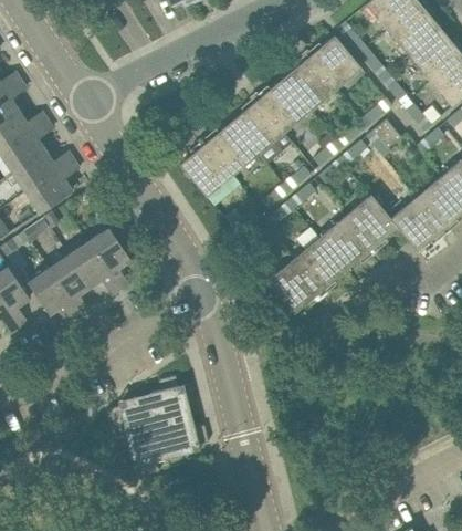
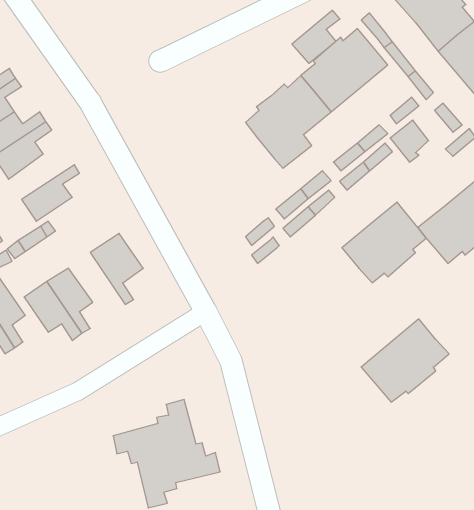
building: none -> [292,10,340,63]
building: [179,122,258,197] -> none
building: [13,150,74,192] -> none
building: [266,237,347,313] -> [361,319,449,402]
building: [69,241,120,295] -> none

